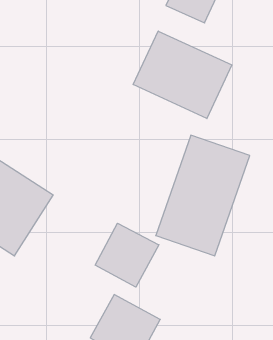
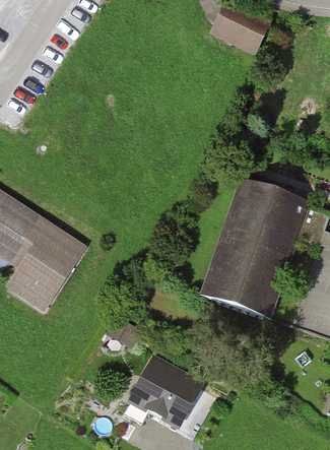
building: [133,31,232,119] -> none
building: [95,223,159,287] -> none

